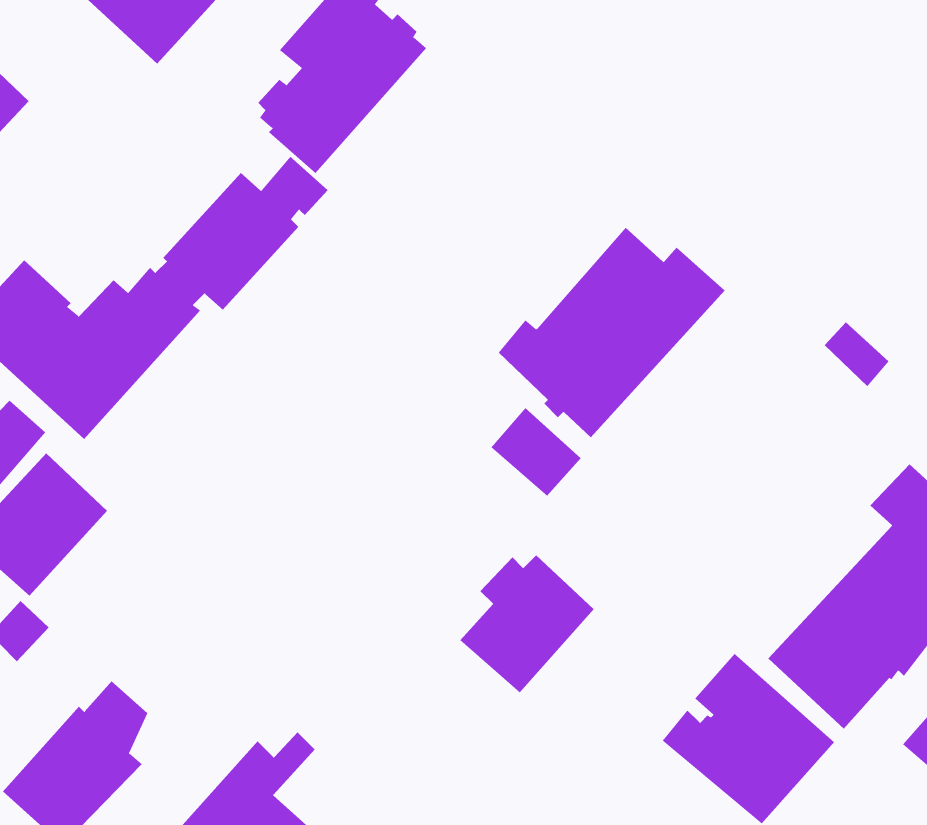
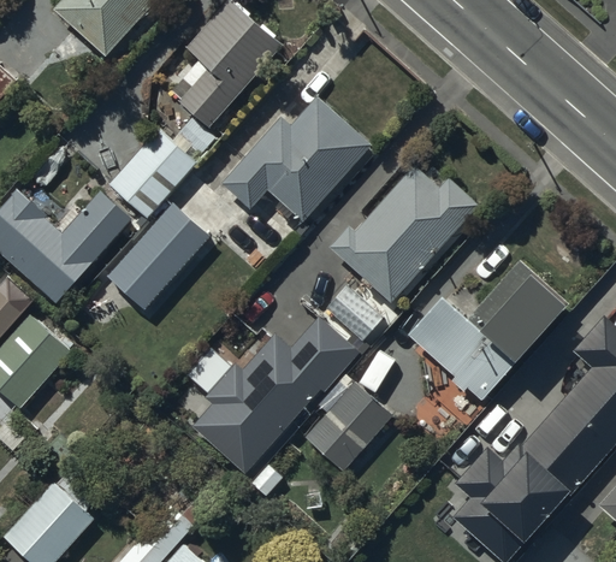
building: none -> [220,96,372,221]
building: none -> [106,201,212,310]
building: none -> [407,260,569,400]
building: none -> [191,314,361,474]

